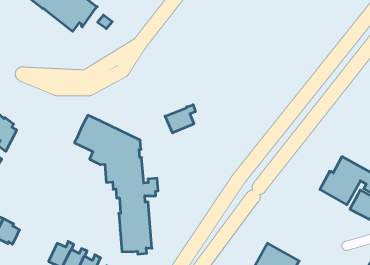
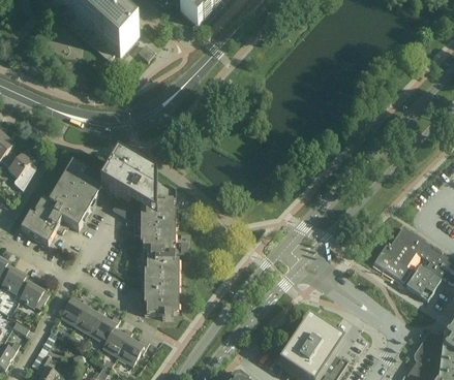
building: [165,105,195,133] -> none
building: none -> [19,161,102,243]
building: none -> [18,278,48,308]

